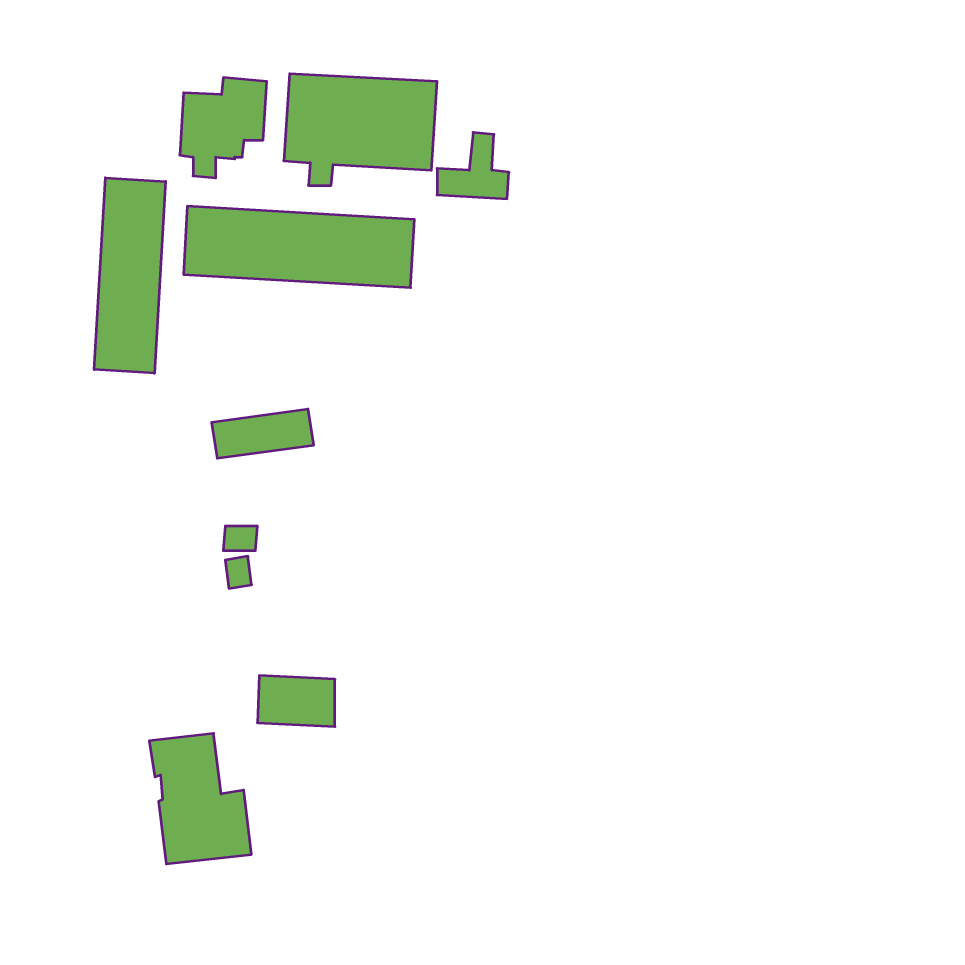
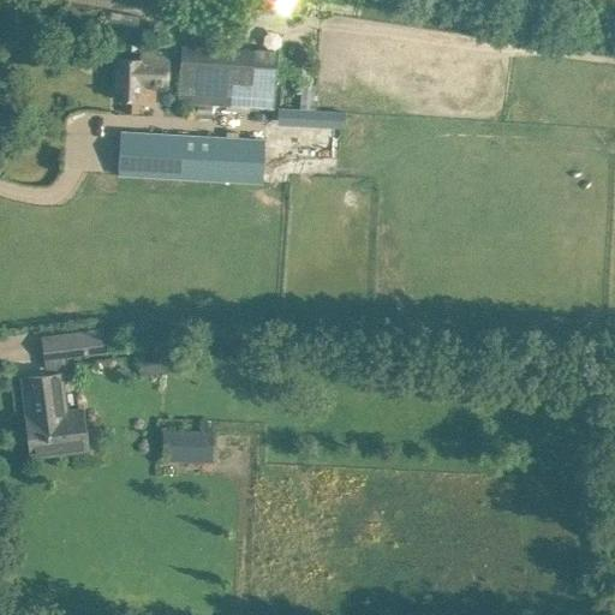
building: [94,178,166,373] -> none
building: [212,409,314,458] -> [41,329,106,360]
building: [149,733,251,864] -> [20,374,85,456]

